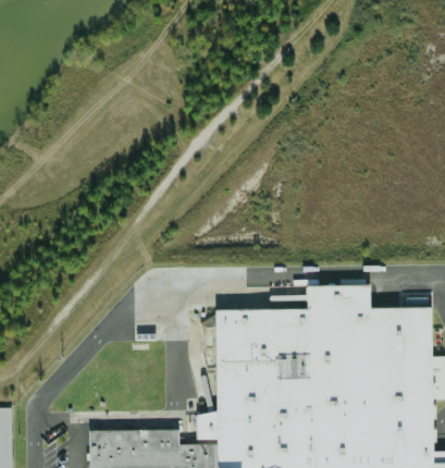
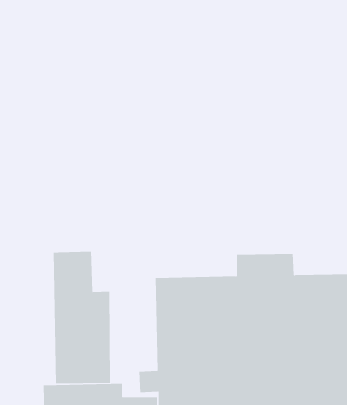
building: none -> [53,251,111,384]

